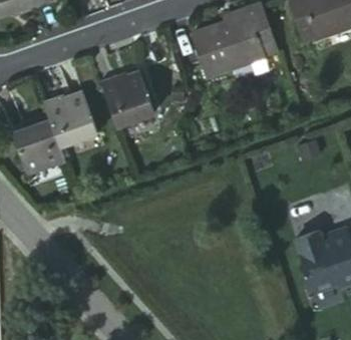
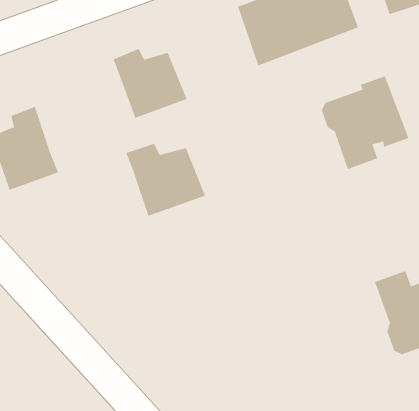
building: none -> [321,76,409,170]
building: [39,89,97,142] -> [126,143,206,217]

